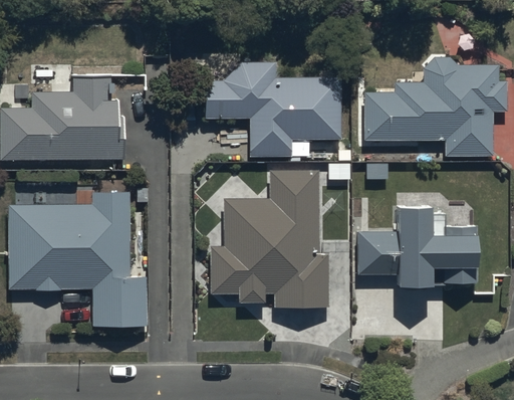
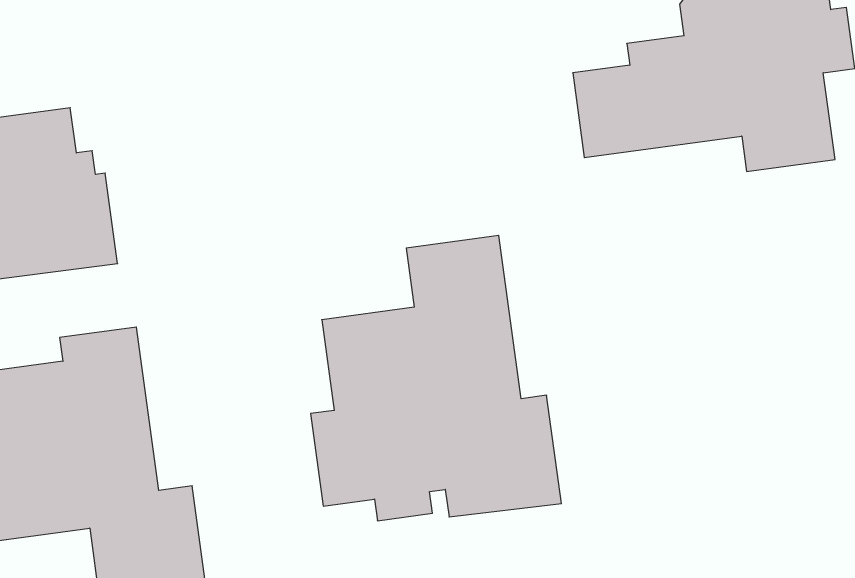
building: [204,63,341,162] -> none
building: [356,203,477,284] -> none

